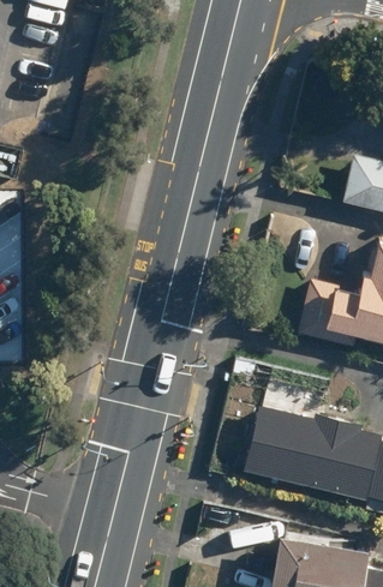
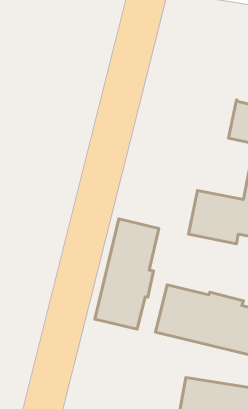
building: none -> [95,219,159,329]

